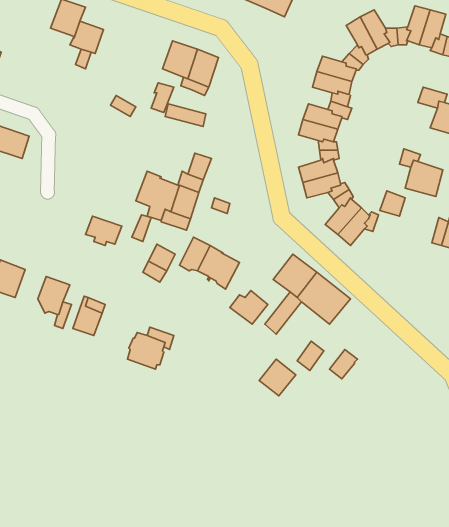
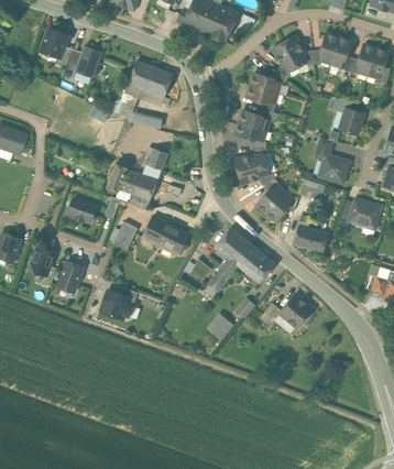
building: none -> [76,45,102,77]
building: none -> [293,225,328,252]
building: none -> [280,294,314,328]

